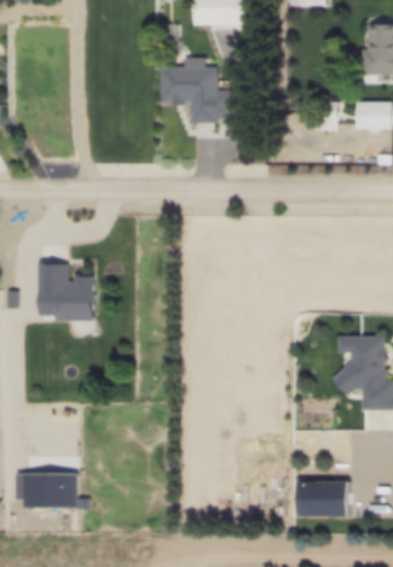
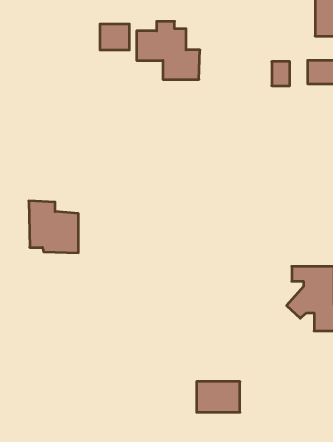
building: none -> [100,24,129,50]
building: [24,474,82,510] -> none
building: [297,480,346,515] -> [197,382,240,412]

